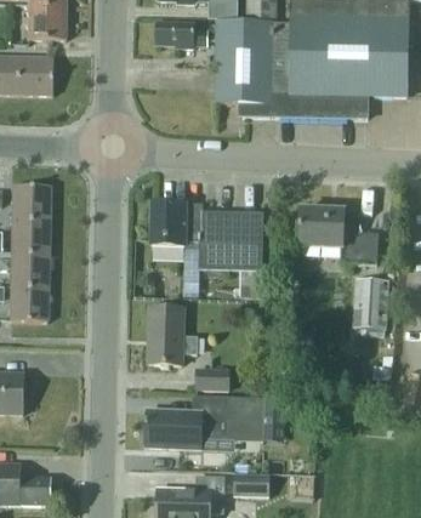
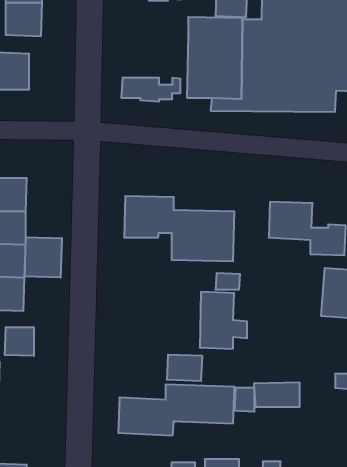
building: [155,23,216,47] -> [121,78,181,101]
building: none -> [25,237,62,278]
building: [148,306,197,364] -> [200,292,247,349]
building: none -> [5,327,34,356]
building: none -> [254,382,299,407]

